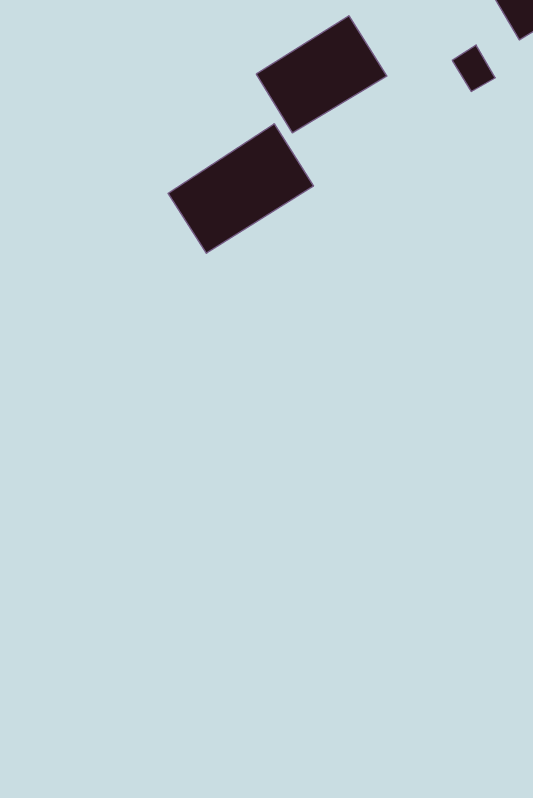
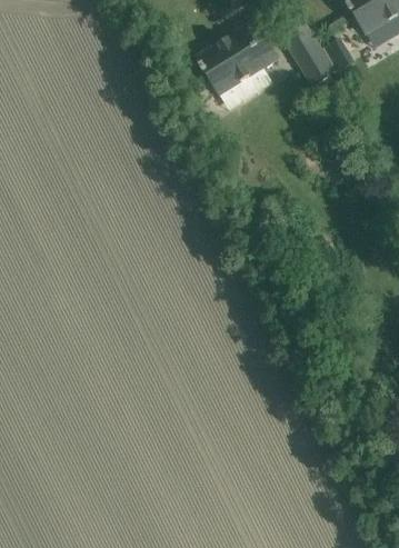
building: none -> [282,24,336,88]
building: [168,124,313,253] -> none

